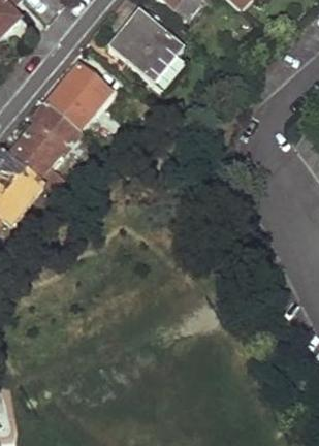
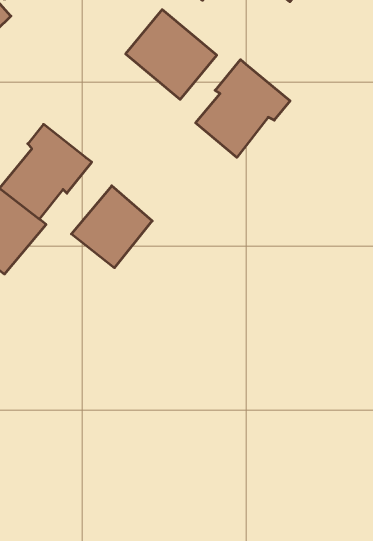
building: none -> [196,60,290,157]
building: [47,62,111,127] -> [71,186,152,268]

